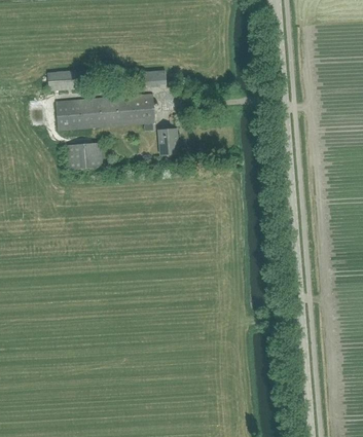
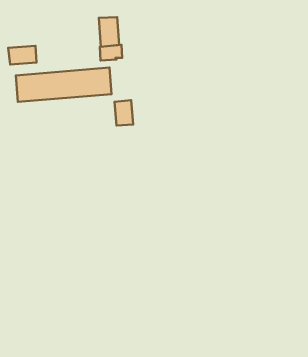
building: none -> [99,17,119,47]
building: [67,143,102,170] -> none

